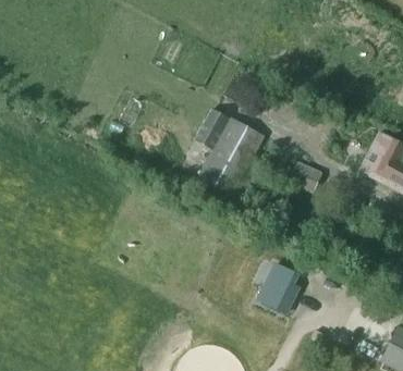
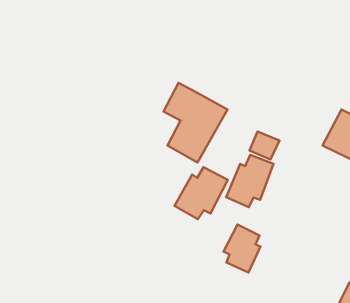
building: none -> [226,155,274,207]
building: none -> [174,167,228,219]

